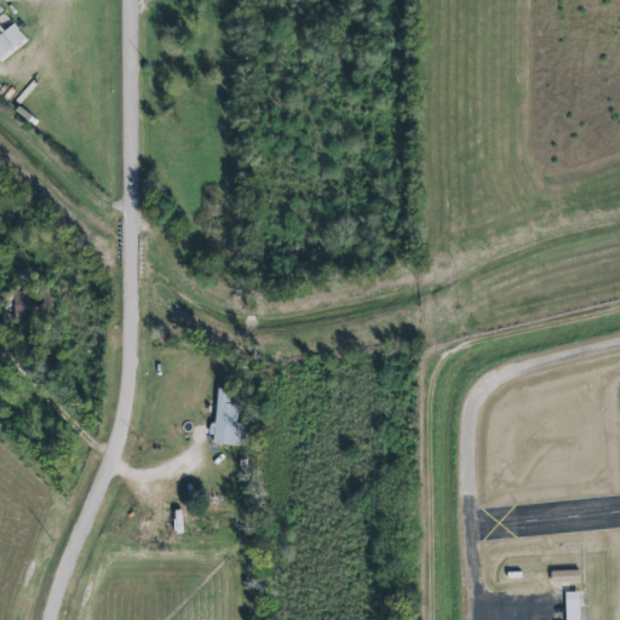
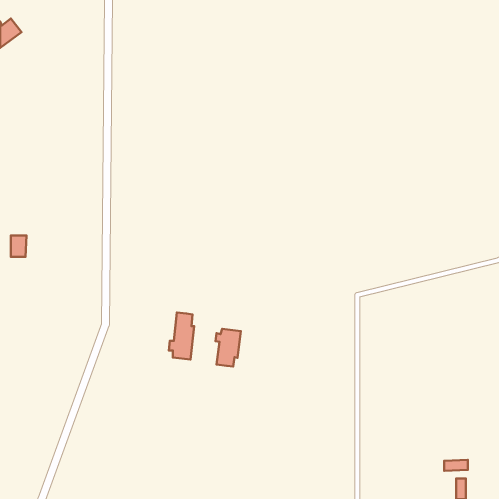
building: none -> [215,329,241,366]

